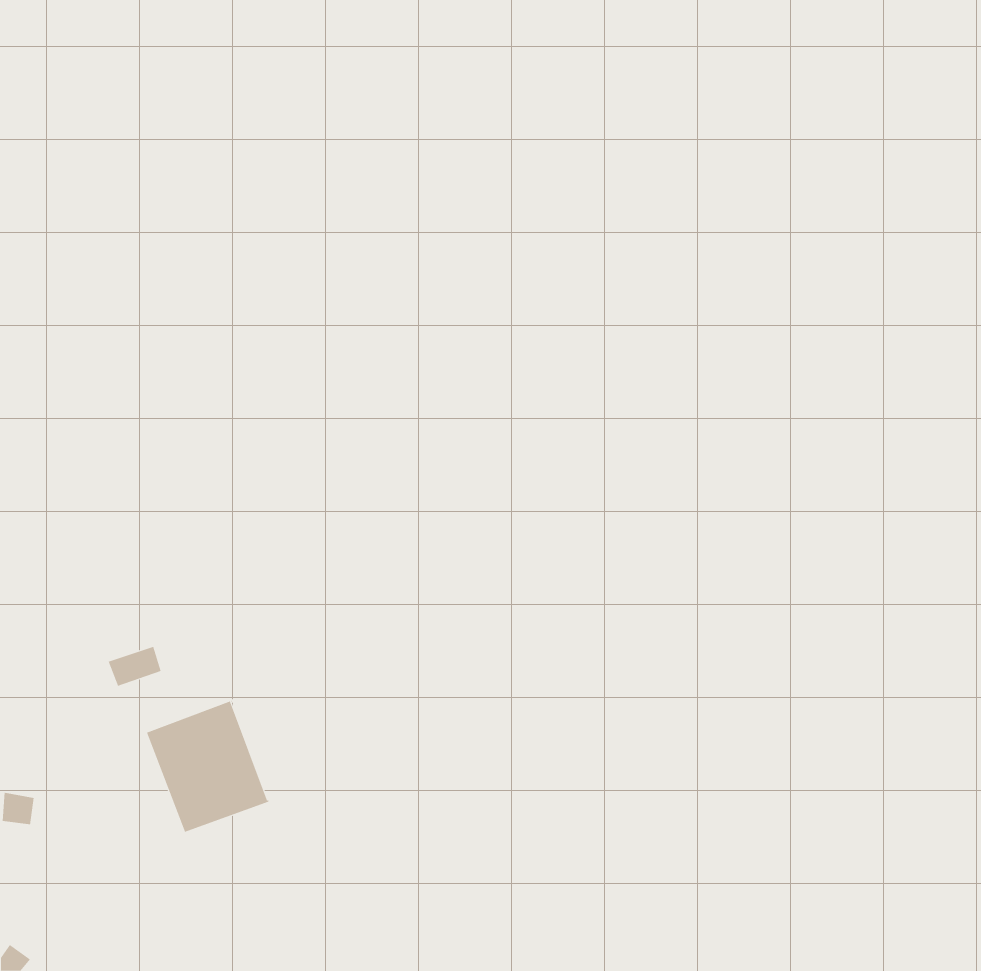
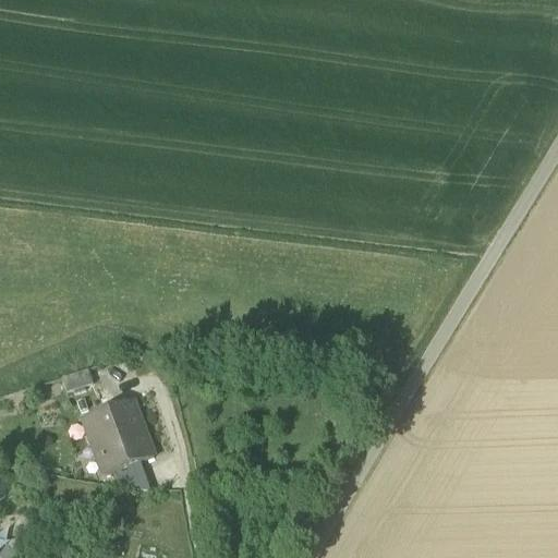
building: none -> [116,463,150,488]

